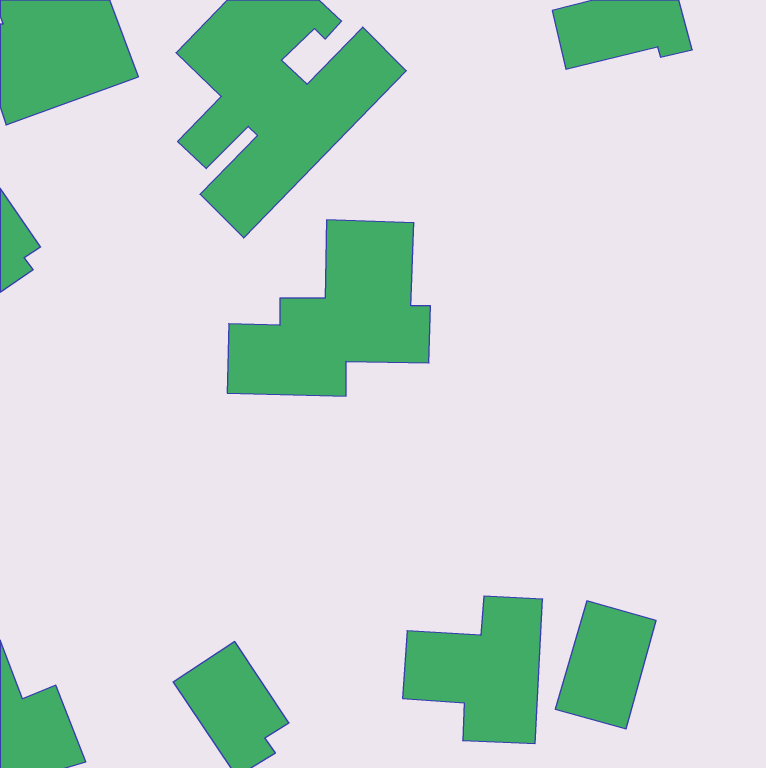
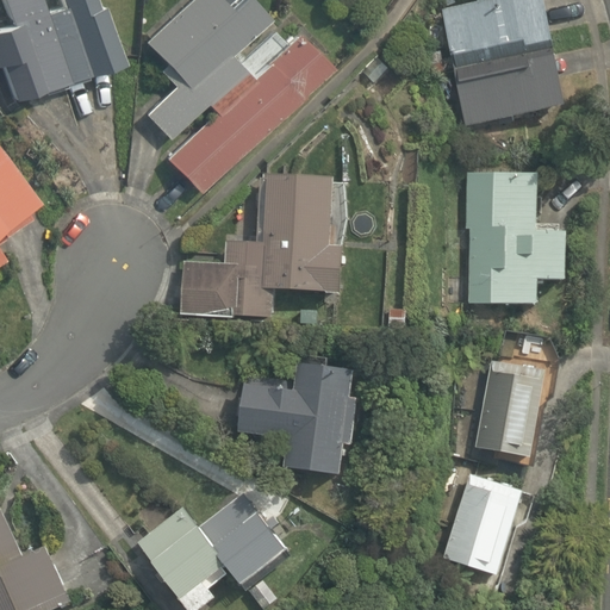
building: none -> [454,48,565,130]
building: none -> [467,169,567,300]
building: none -> [480,368,553,459]
building: [403,596,543,744] -> [238,357,349,474]
building: none -> [201,493,285,579]

